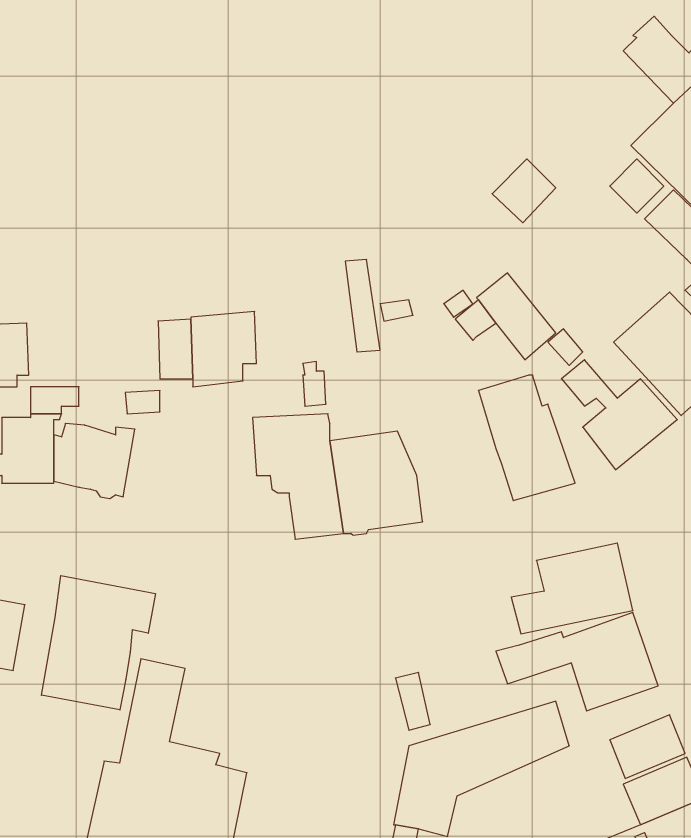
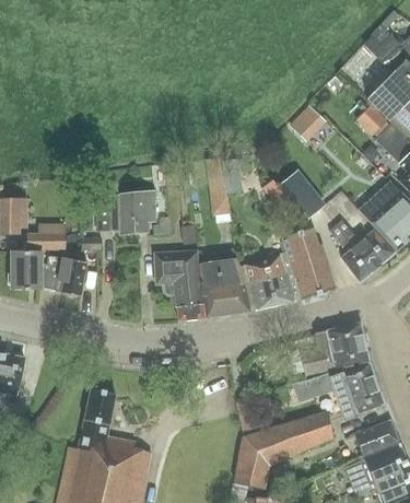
building: none -> [247,253,294,308]
building: [41,576,155,710] -> none

